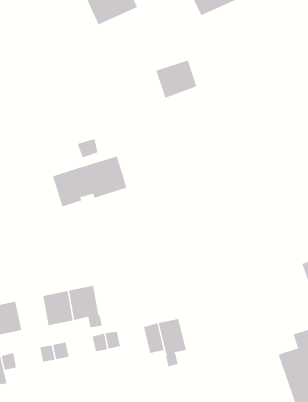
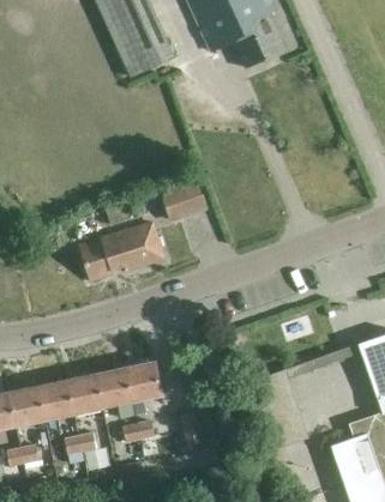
building: [155,60,197,98] -> [161,180,207,223]
building: none -> [126,362,162,401]
building: none -> [38,380,74,418]
building: [158,318,187,367] -> none

